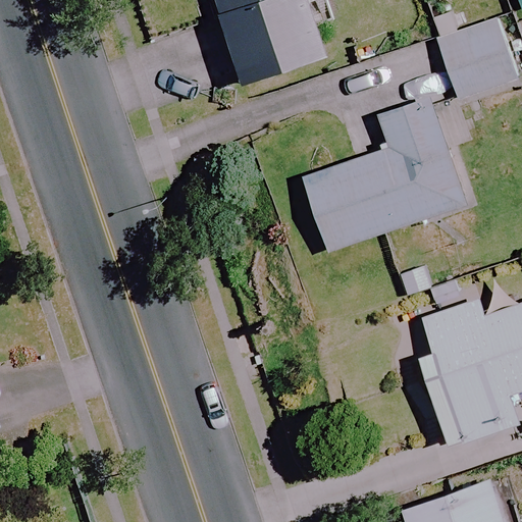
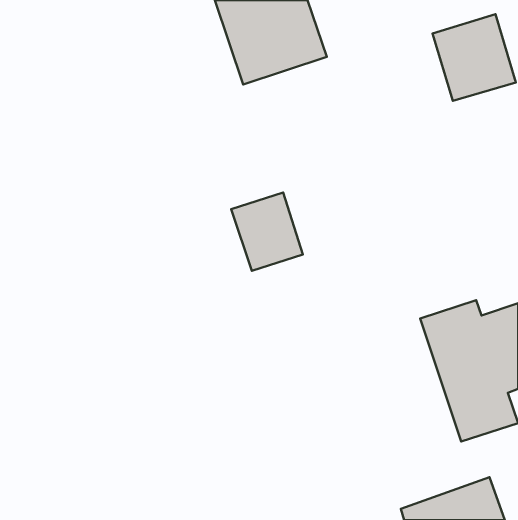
building: [305,99,463,251] -> none
building: none -> [231,192,303,271]

